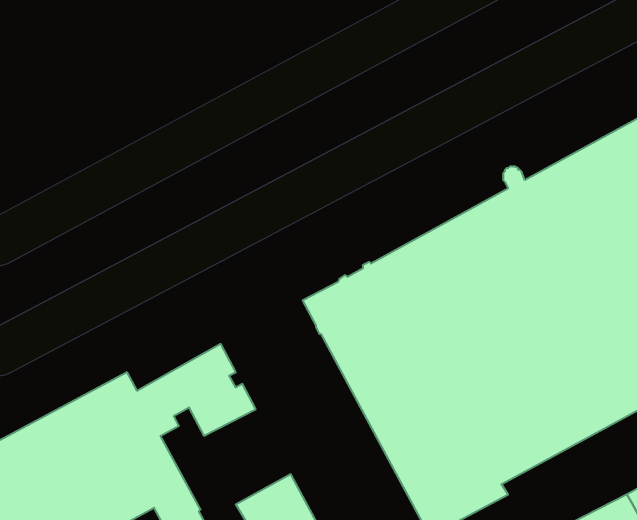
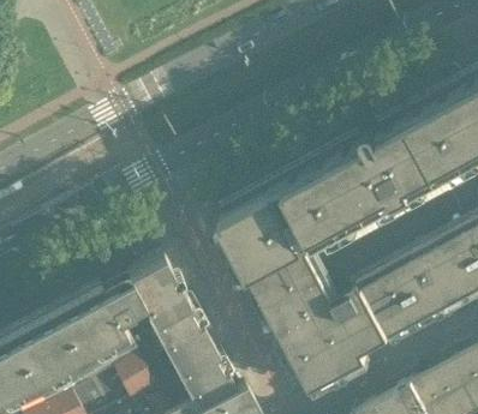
building: none -> [147,302,211,371]

